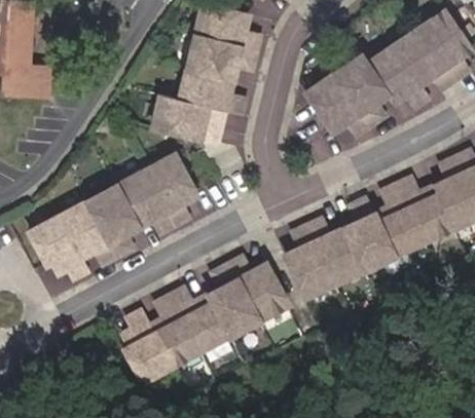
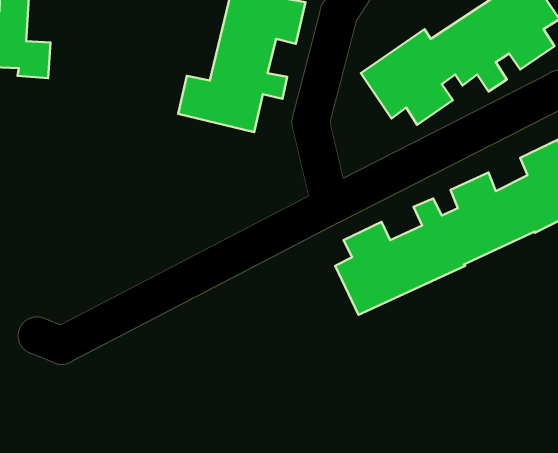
building: [31,153,197,278] -> none
building: [124,255,288,380] -> none

